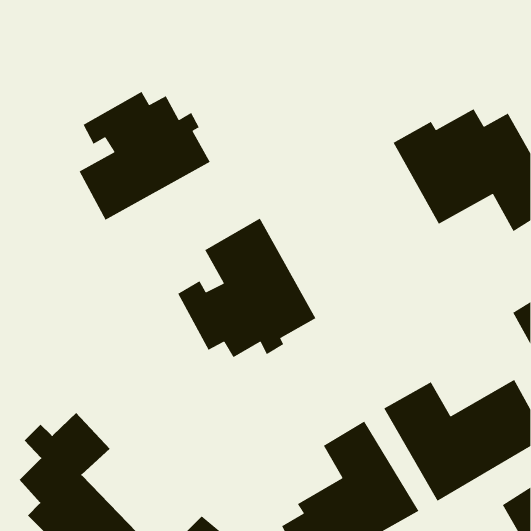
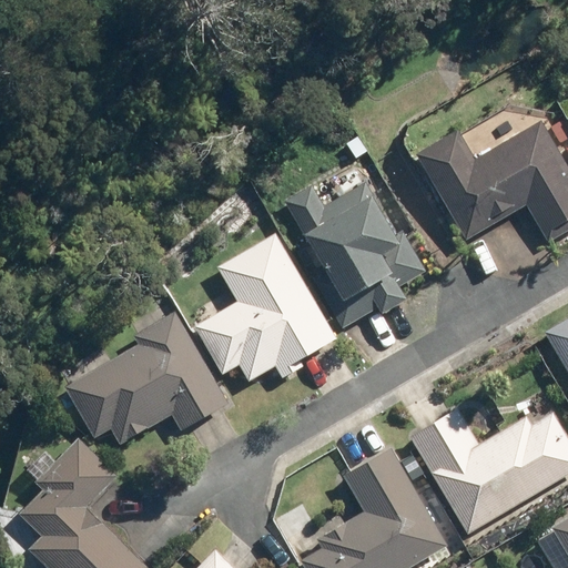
building: [79,91,211,221] -> none
building: none -> [287,182,425,314]
building: none -> [68,312,227,446]

